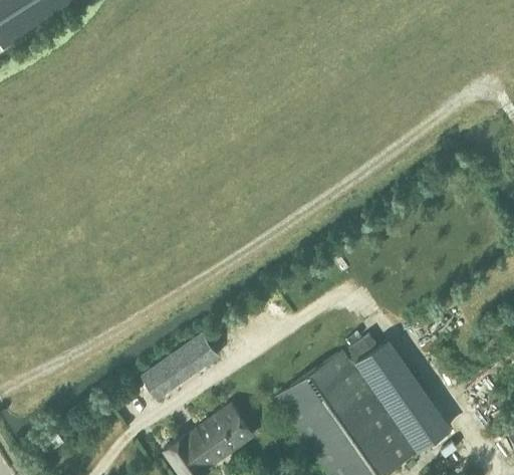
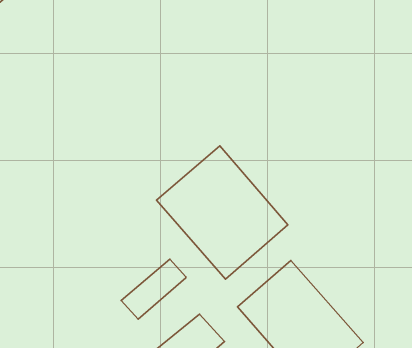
building: none -> [156,146,288,279]
building: [357,340,448,449] -> none

